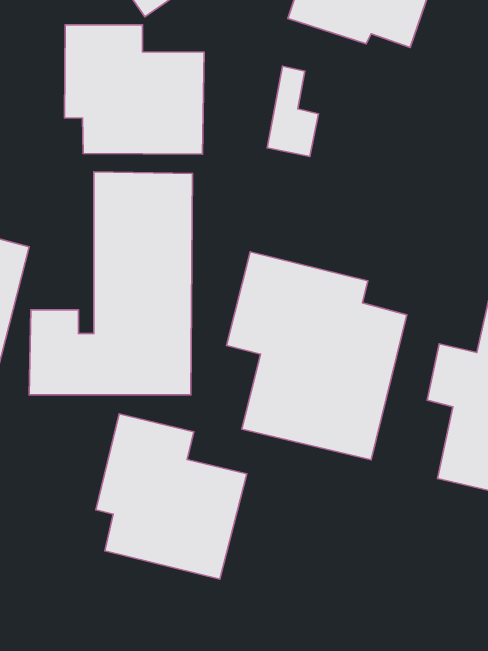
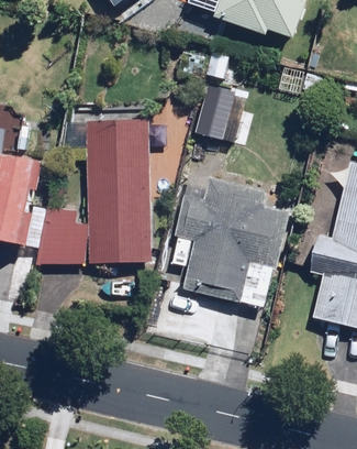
building: [64,25,204,154] -> none
building: [96,414,247,579] -> none

